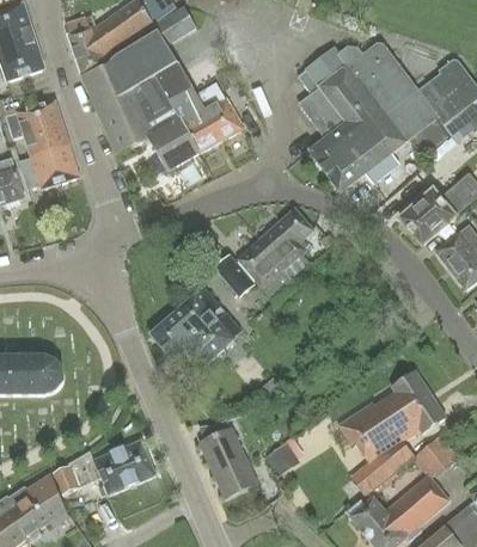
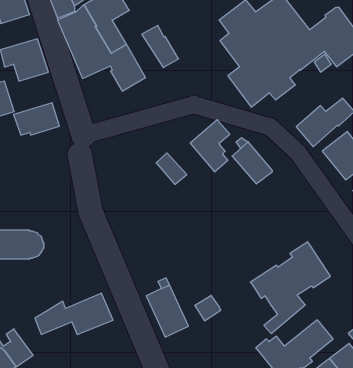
building: [155,62,224,152] -> none
building: [19,145,80,188] -> [14,103,59,135]
building: [238,239,292,295] -> [232,142,272,184]
building: [151,288,241,377] -> none
building: [414,434,454,473] -> none
building: [26,472,67,521] -> none

